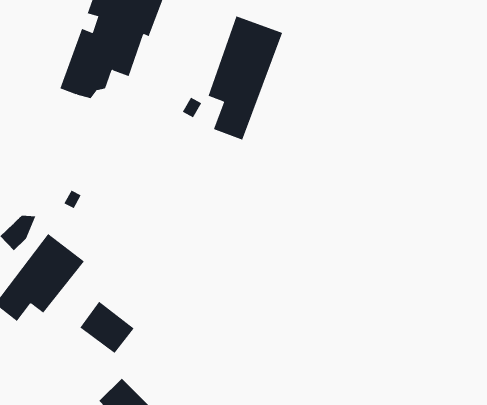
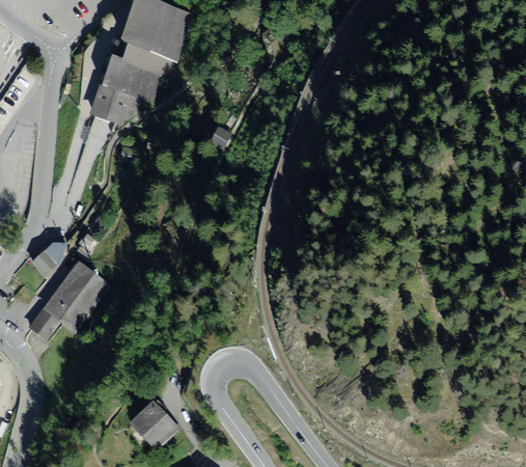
building: [208,16,283,140] -> none
building: [79,301,134,354] -> none

